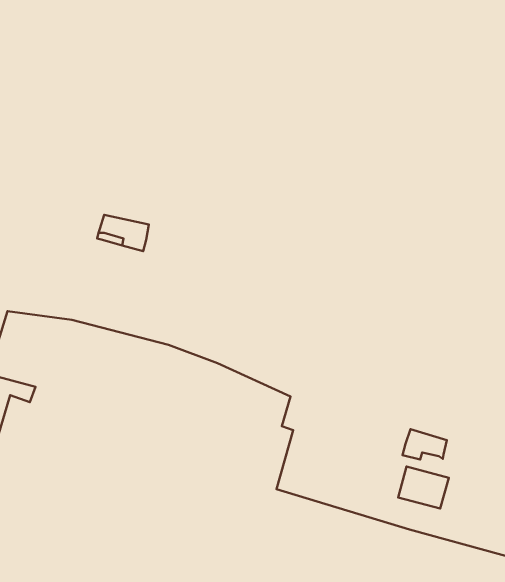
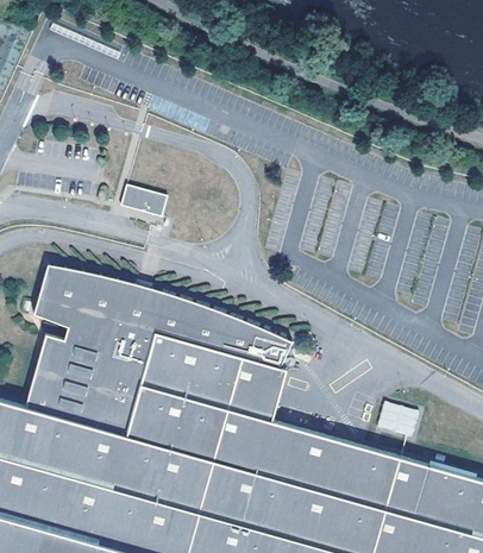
building: [403,429,447,459] -> none

